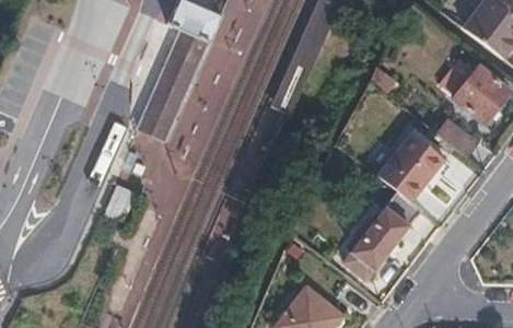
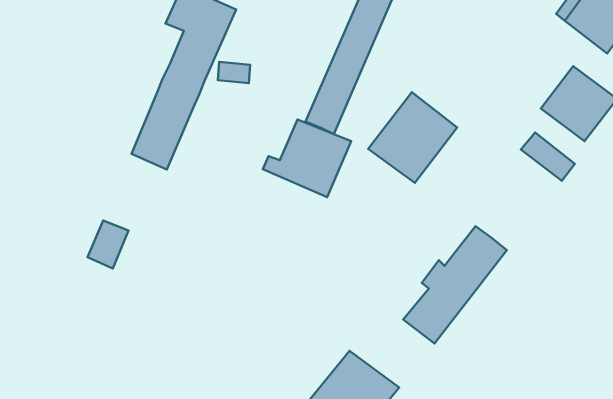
building: none -> [263,119,351,197]
building: [377,127,446,197] -> [368,92,457,183]

